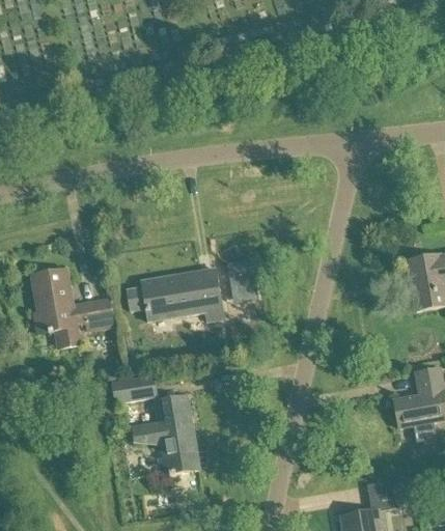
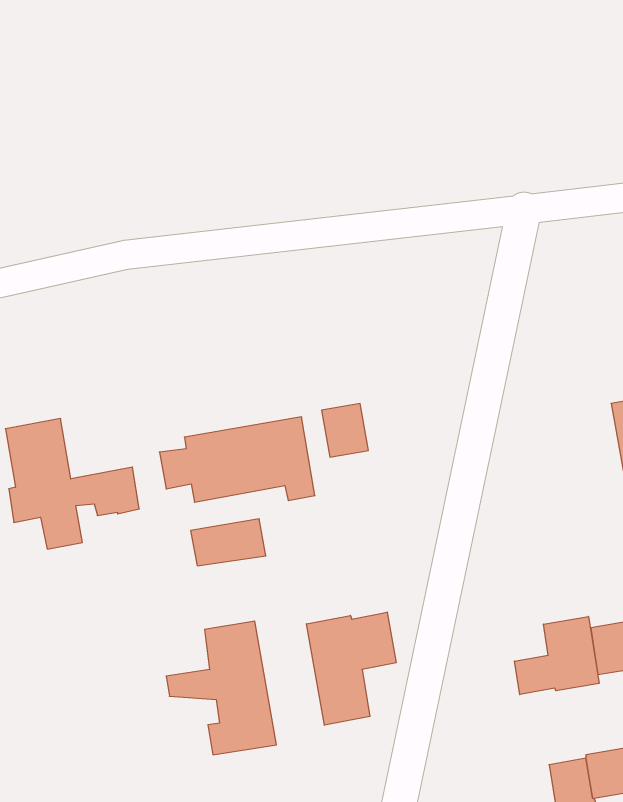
building: [111,374,158,403] -> [191,519,266,566]
building: none -> [307,612,396,725]
building: none -> [514,616,599,695]

